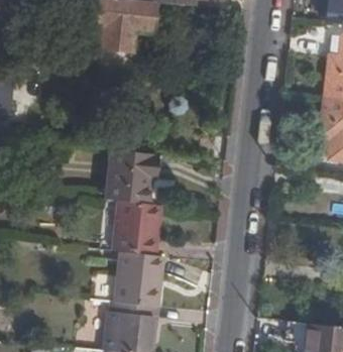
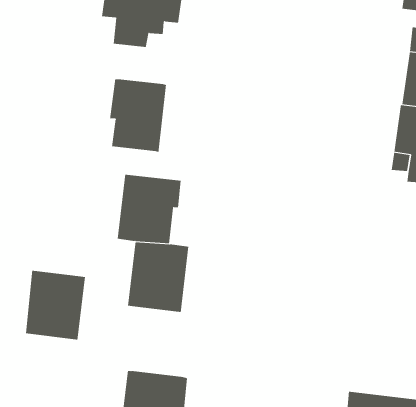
building: none -> [110,78,167,153]
building: [114,251,161,306] -> [25,270,86,340]

